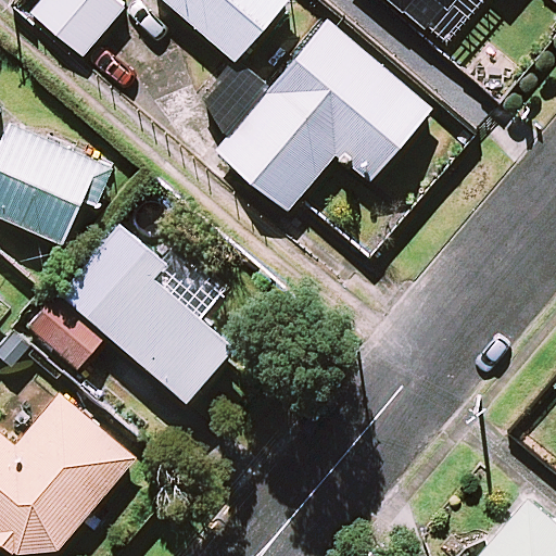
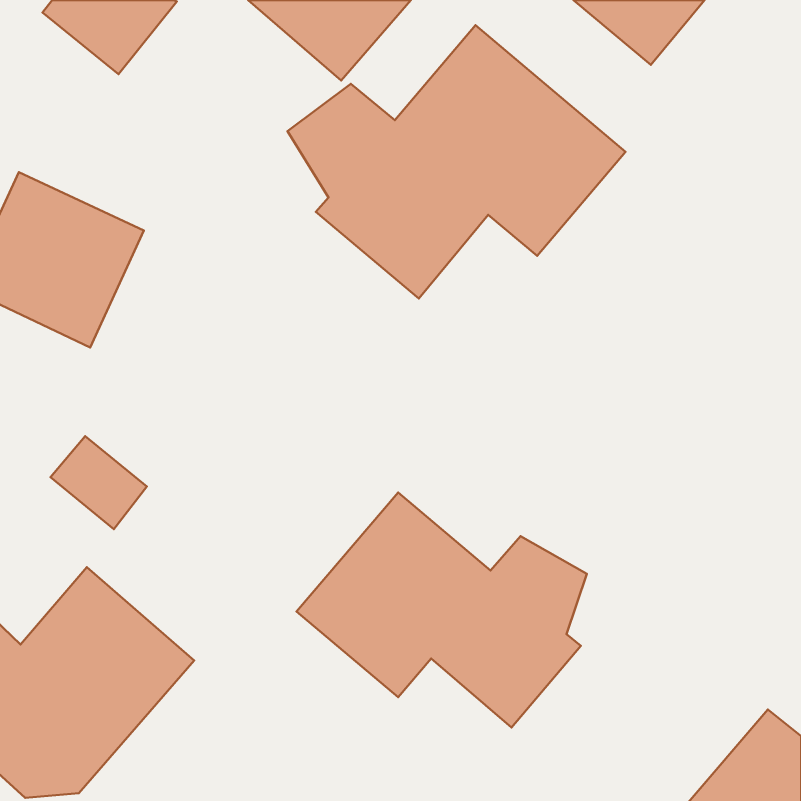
building: [85,224,236,400] -> none
building: none -> [297,493,587,728]

